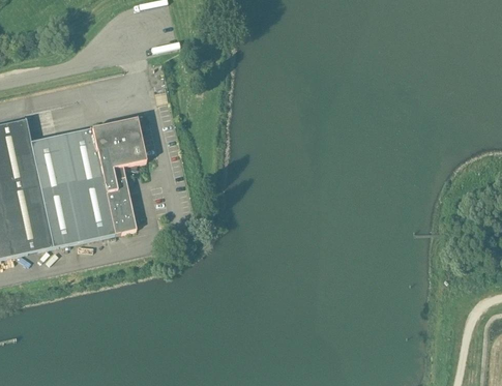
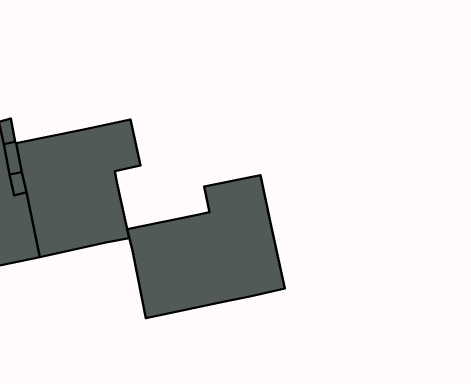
building: none -> [127,175,285,318]

